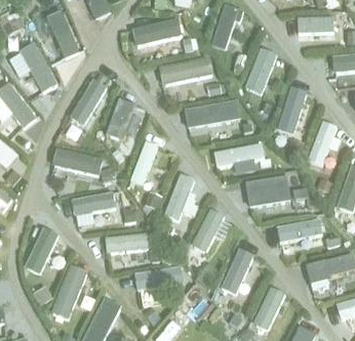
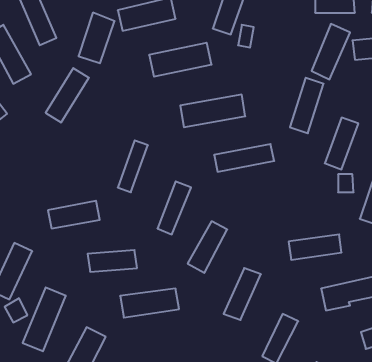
building: [245,47,278,94] -> [312,24,350,79]
building: [105,98,135,141] -> [78,13,115,63]
building: [52,150,102,176] -> none
building: [245,177,290,209] -> none

